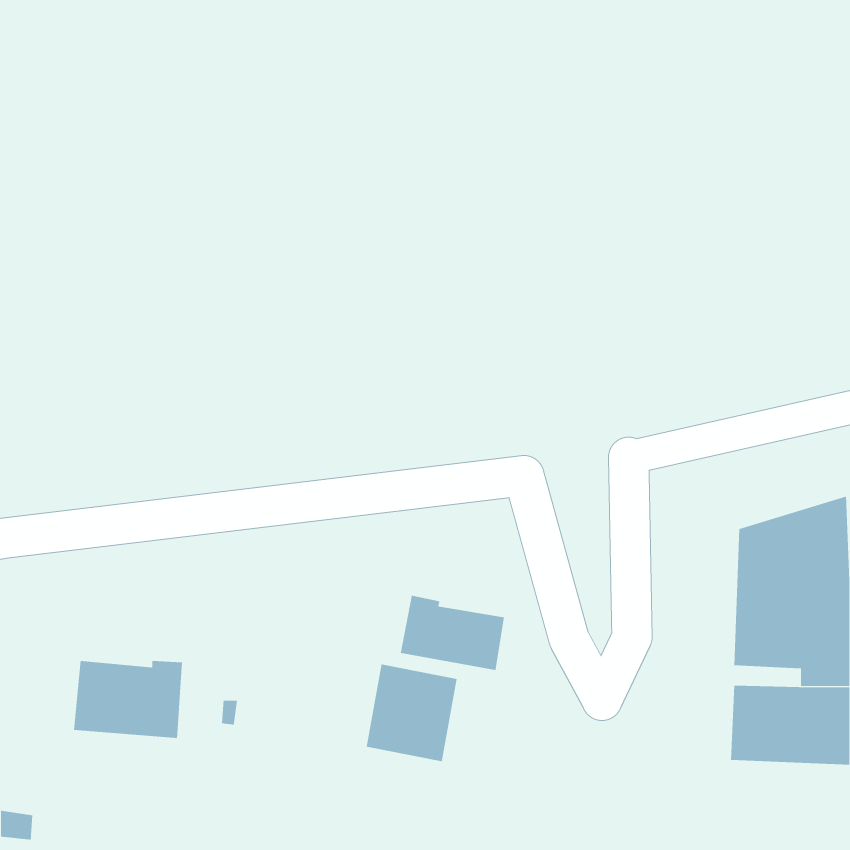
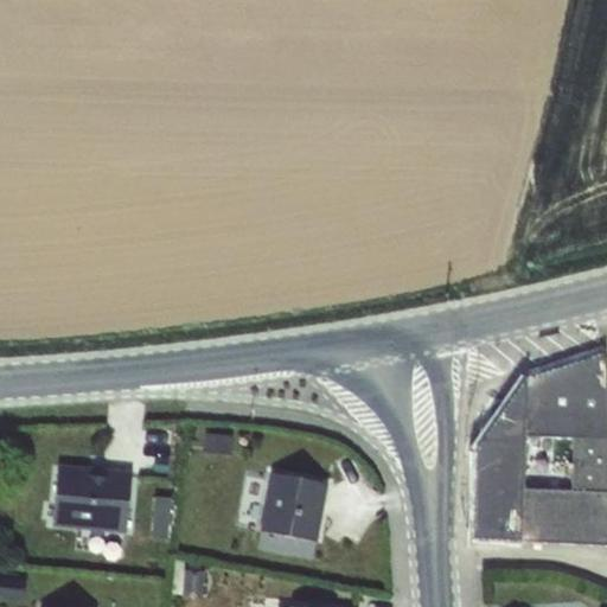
building: none -> [471,377,526,542]
building: [400,595,504,671] -> none

